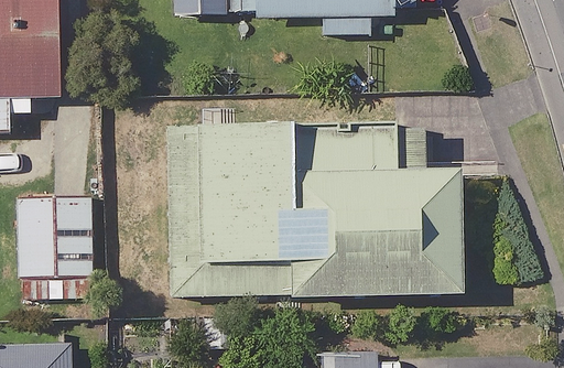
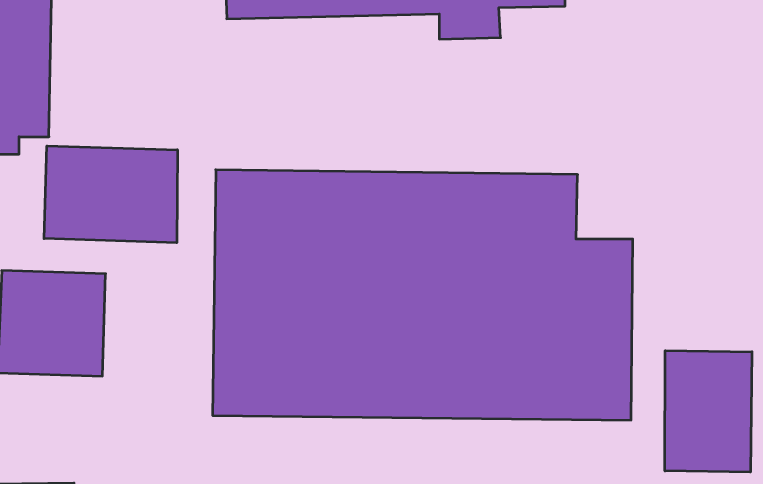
building: none -> [44,146,177,243]
building: none -> [665,351,752,472]

